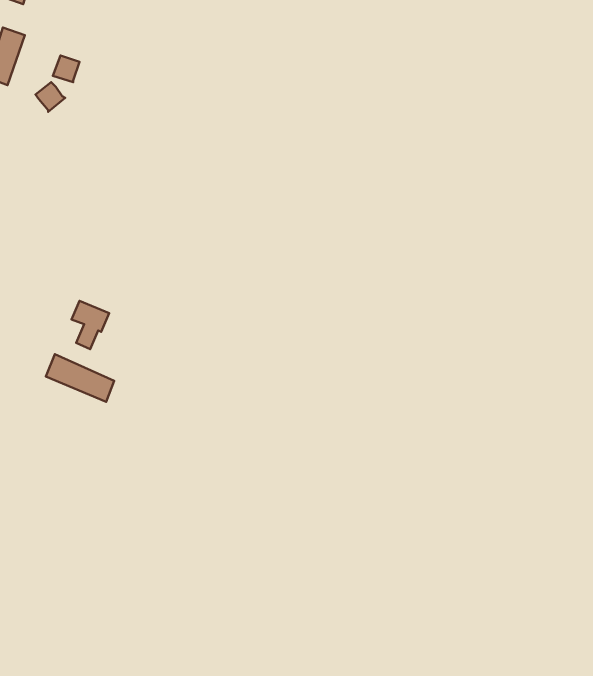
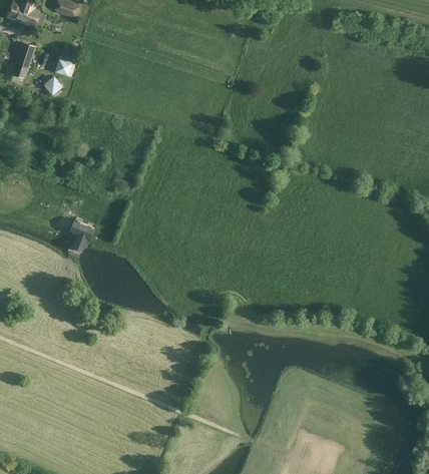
building: [46,354,114,402] -> none

